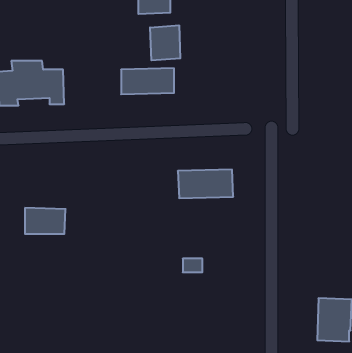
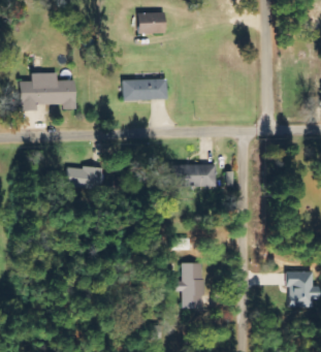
building: [150,25,180,60] -> none
building: [25,208,66,234] -> [66,166,100,188]
building: none -> [176,262,204,309]

